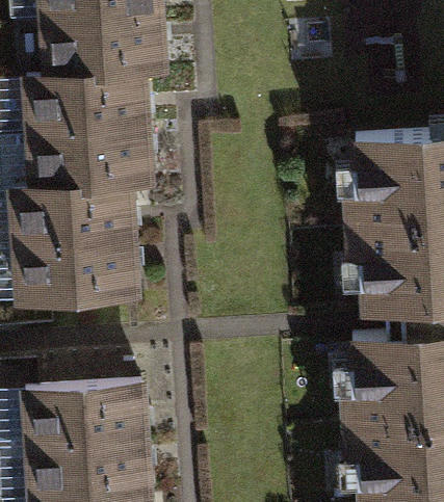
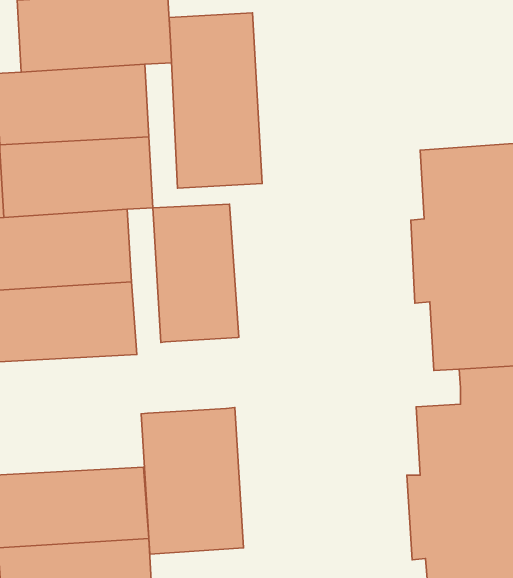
building: none -> [169,13,262,188]
building: none -> [153,204,239,342]
building: none -> [141,408,243,554]

